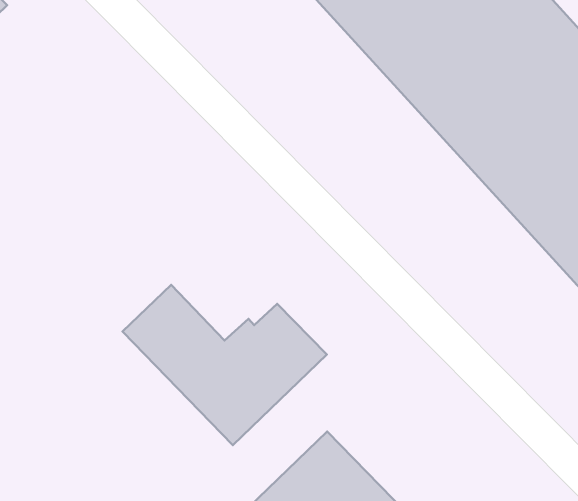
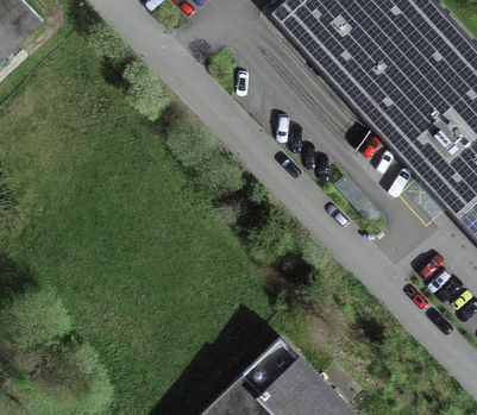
building: [123,285,327,445] -> none

